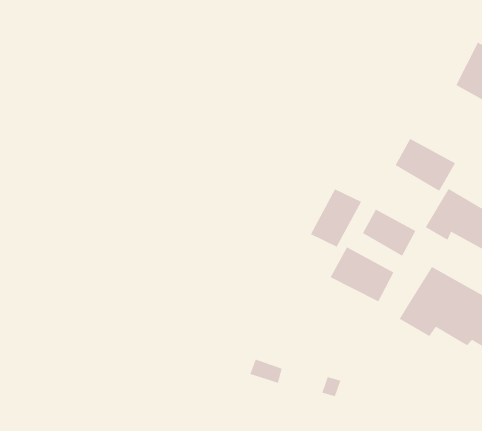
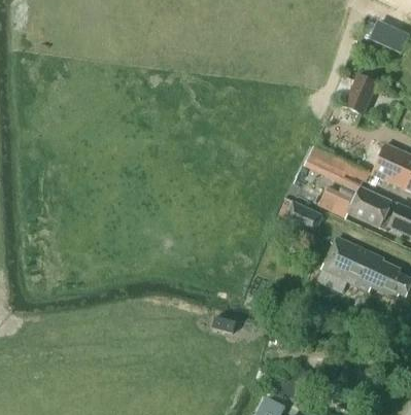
building: [310,188,362,248] -> none
building: [330,247,394,302] -> none

